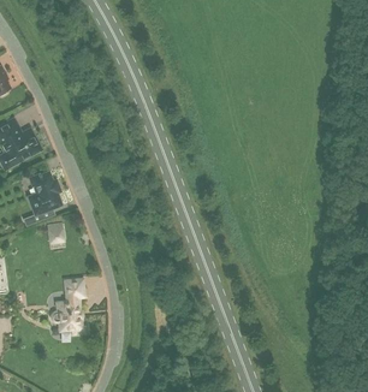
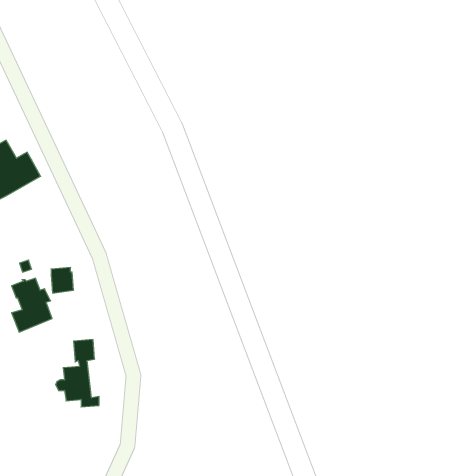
building: [28,172,60,215] -> [12,278,52,332]

